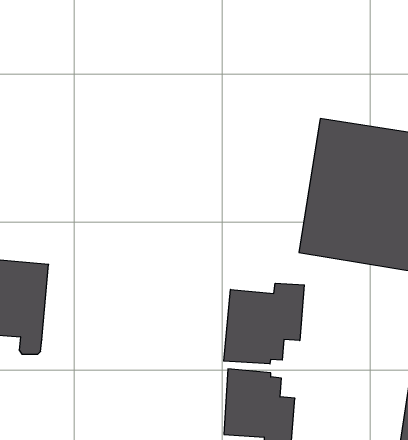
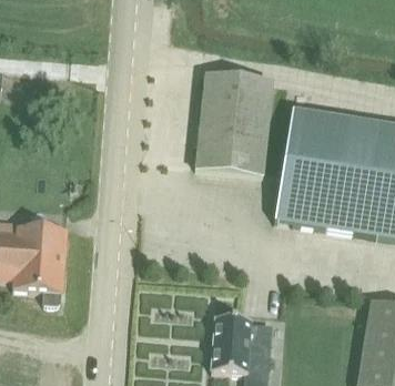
building: none -> [195,73,272,172]
building: [224,283,304,364] -> none

